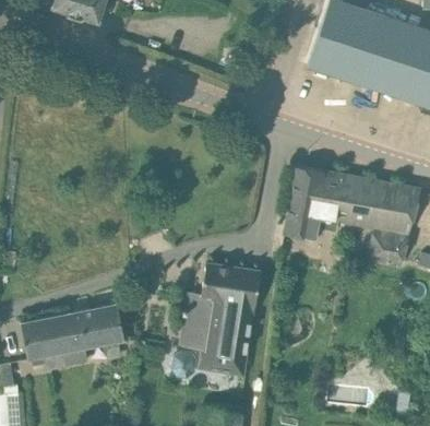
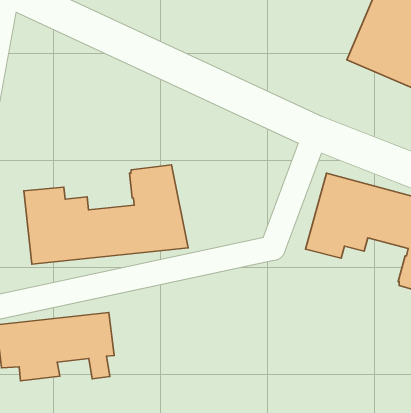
building: none -> [24,165,188,264]
building: [172,263,261,379] -> none

